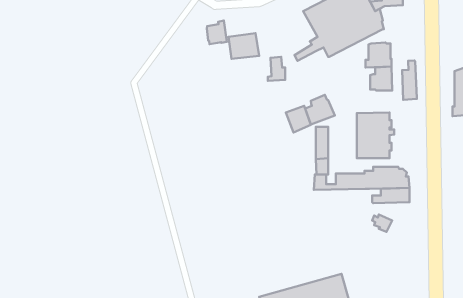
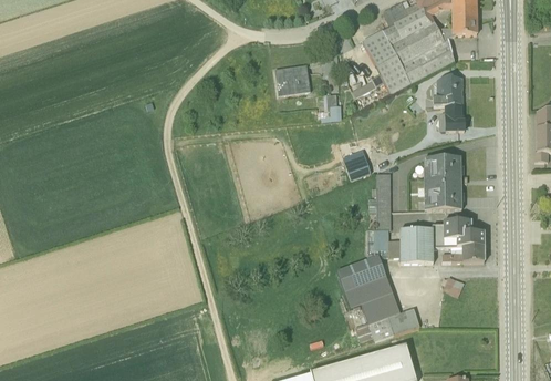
building: [207,21,227,44] -> none
building: [402,60,417,100] -> none
building: [305,95,335,124] -> none
building: none -> [336,245,434,339]

